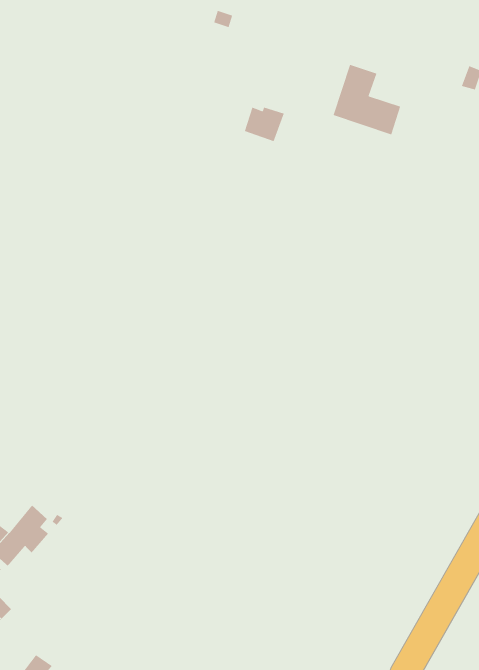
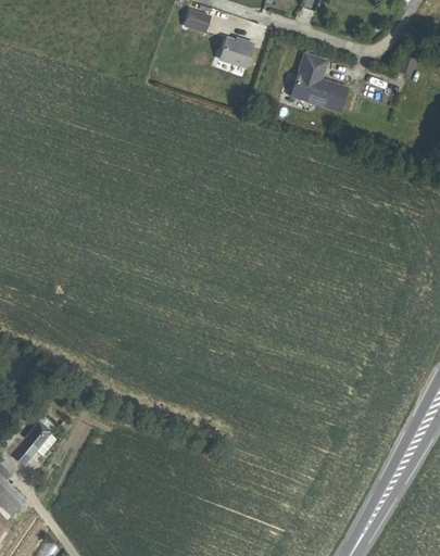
building: [244,106,285,142] -> [219,38,253,67]

